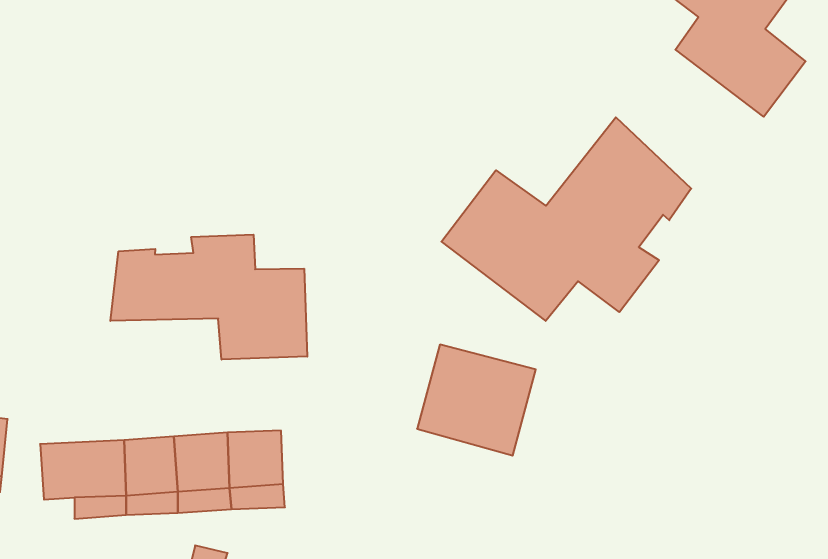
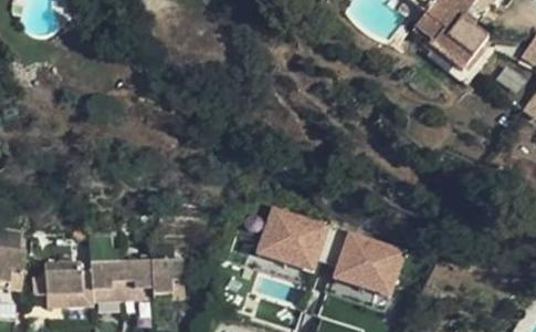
building: [441,117,691,321] -> none
building: [110,235,307,360] -> none
building: none -> [336,226,404,290]

